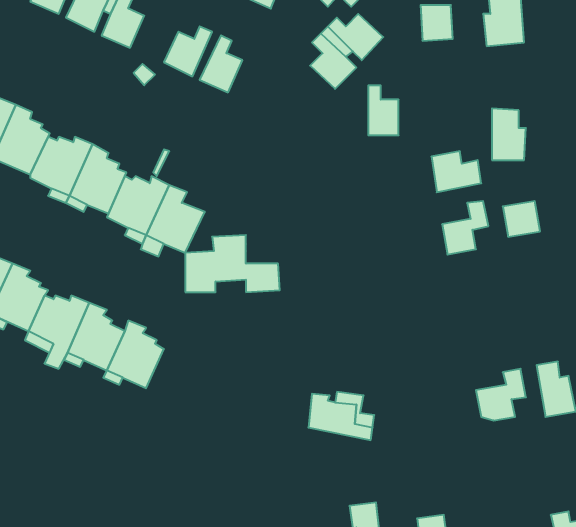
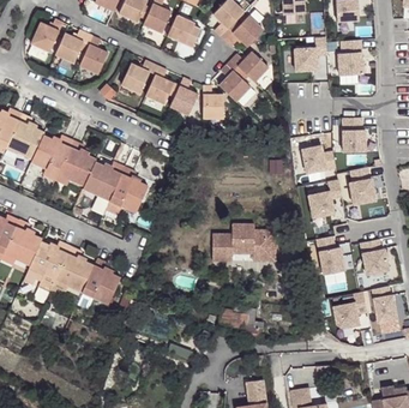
building: none -> [169,77,198,115]
building: [368,85,399,135] -> [203,85,223,119]
building: [185,235,280,292] -> [210,223,273,262]
building: none -> [319,235,343,272]
building: none -> [359,239,387,272]

